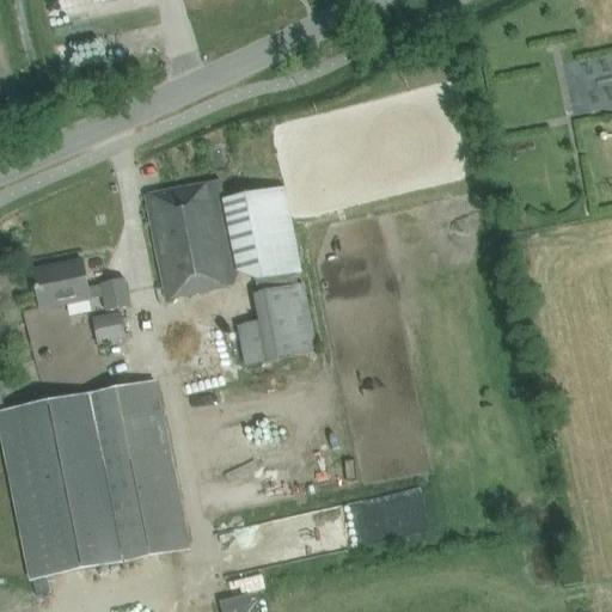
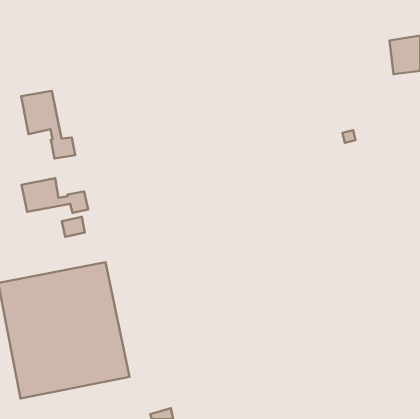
building: none -> [21,91,75,158]
building: [145,178,316,366] -> none

